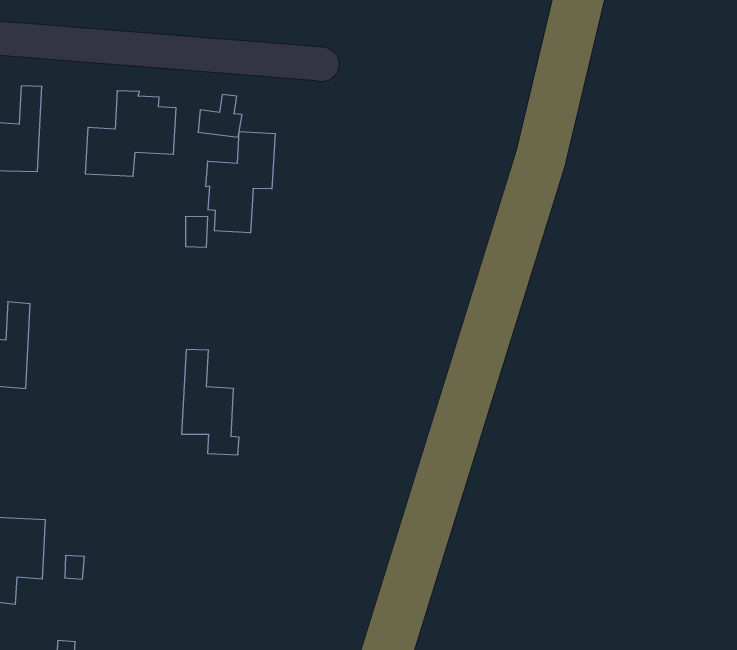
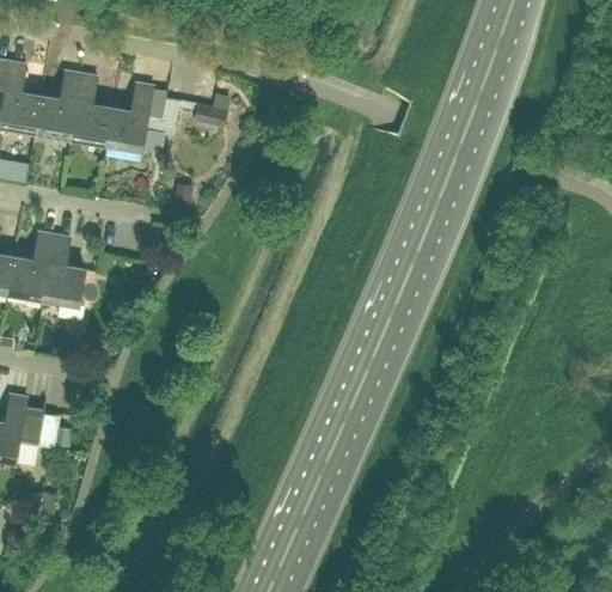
building: none -> [69,72,111,141]
building: [206,132,275,233] -> none
building: [182,350,239,455] -> [42,234,85,318]

